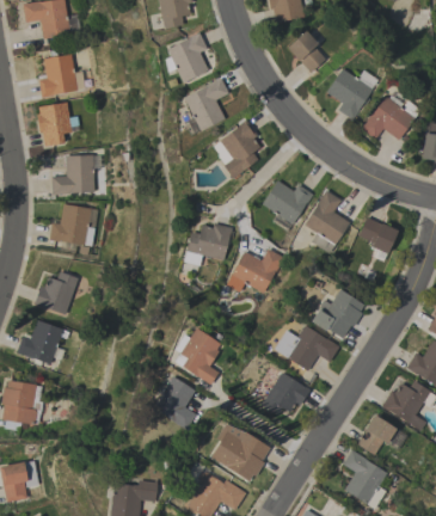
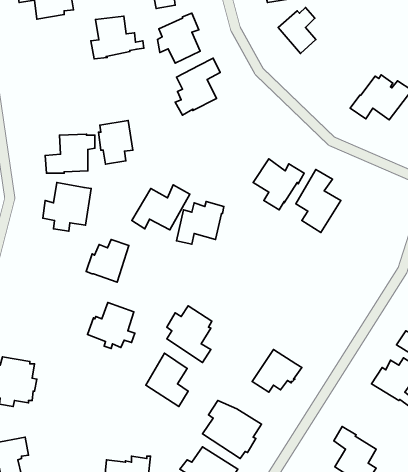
building: [38,54,92,97] -> [91,16,144,59]
building: [325,68,376,119] -> none
building: [37,102,72,146] -> [99,120,133,164]
building: [213,119,260,179] -> none
building: [358,216,398,260] -> none
building: [226,247,284,293] -> [132,185,190,230]
building: [35,271,78,314] -> [86,240,129,282]
building: [311,288,364,338] -> none
building: [17,319,65,366] -> [88,302,135,349]
building: [277,325,338,370] -> none
building: [357,414,406,455] -> none

